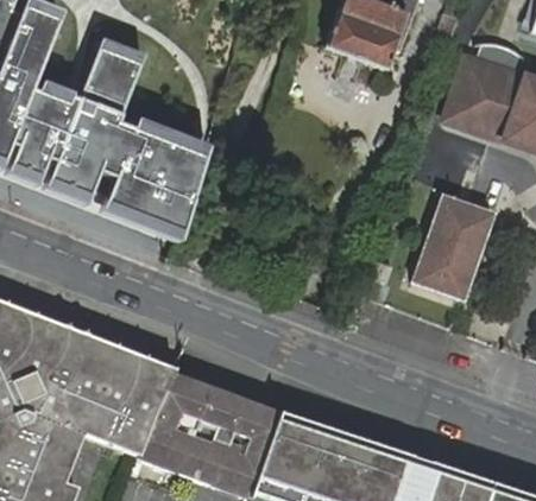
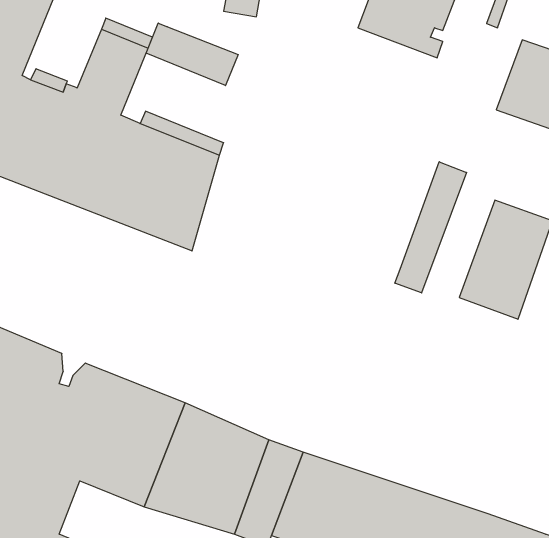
building: none -> [146,23,238,86]
building: none -> [395,162,467,293]

